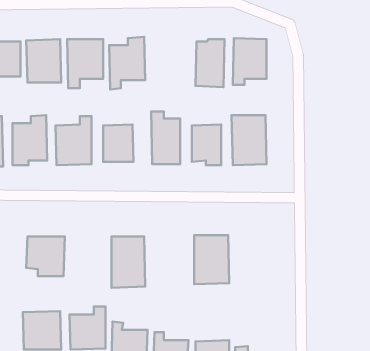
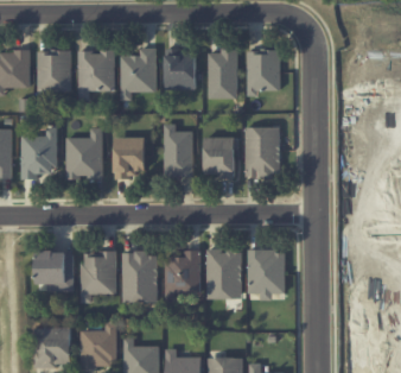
building: none -> [164,50,196,90]
building: none -> [165,249,200,302]
building: none -> [247,249,285,299]
building: none -> [81,251,116,303]

